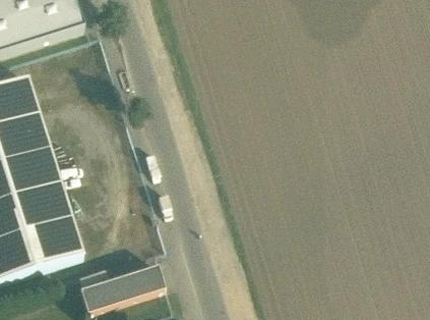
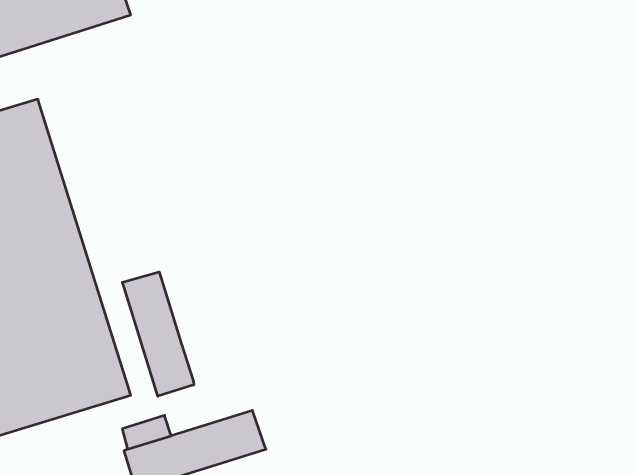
building: none -> [122,272,194,396]

